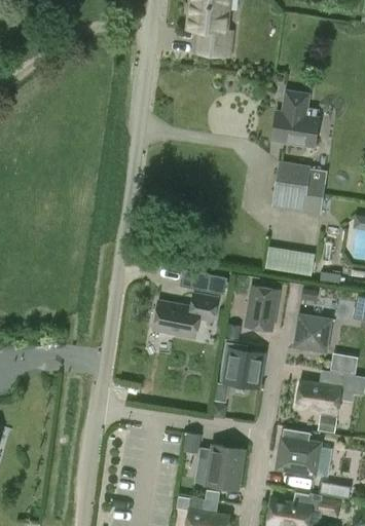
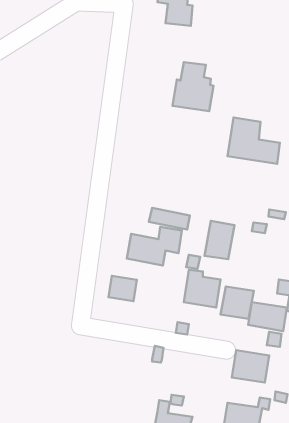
building: [271,90,320,148] -> [173,62,214,111]
building: [265,247,314,272] -> none
building: [293,314,332,352] -> [221,287,254,319]
building: none -> [108,276,137,301]
building: [207,445,244,491] -> none

